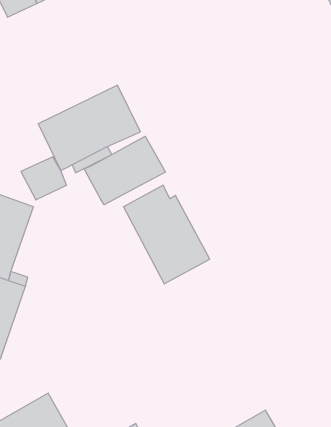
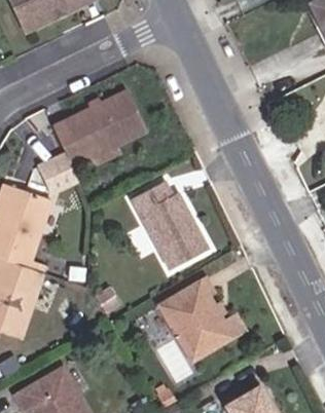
building: [84,136,165,205] -> none
building: none -> [157,277,247,361]

